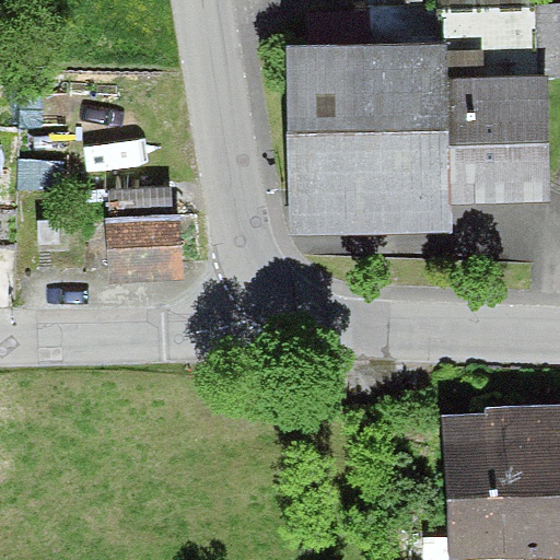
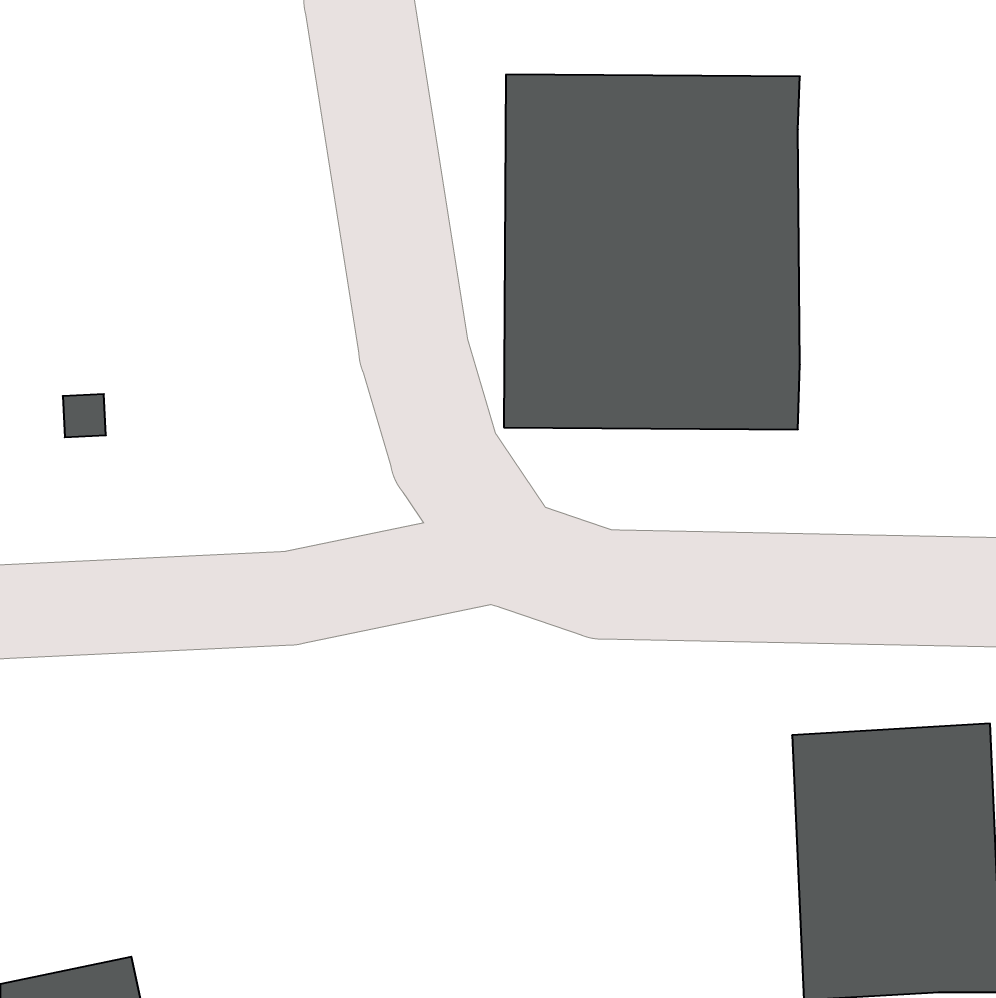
building: [448,74,553,206] -> none
building: [121,209,190,278] -> none

